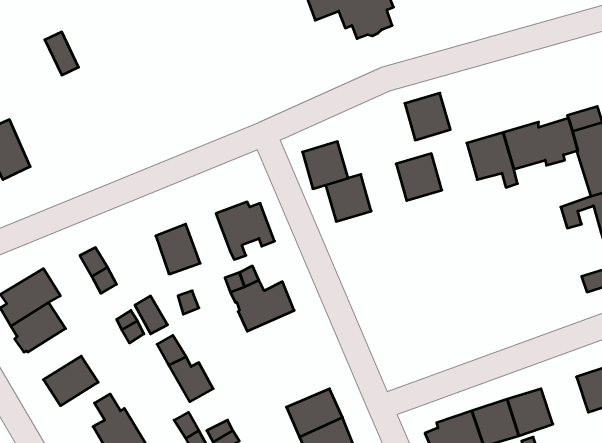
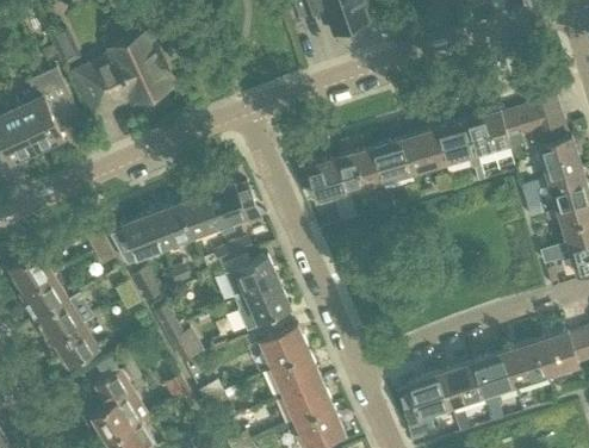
building: none -> [78,36,172,114]
building: none -> [18,70,78,153]
building: [405,93,450,140] -> [403,131,445,174]
building: [302,142,348,189] -> [339,150,380,193]
building: none -> [179,195,219,241]
building: none -> [111,216,165,267]
building: none -> [235,284,290,334]
building: none -> [35,300,83,347]
building: none -> [259,328,310,372]
building: none -> [503,344,546,387]

